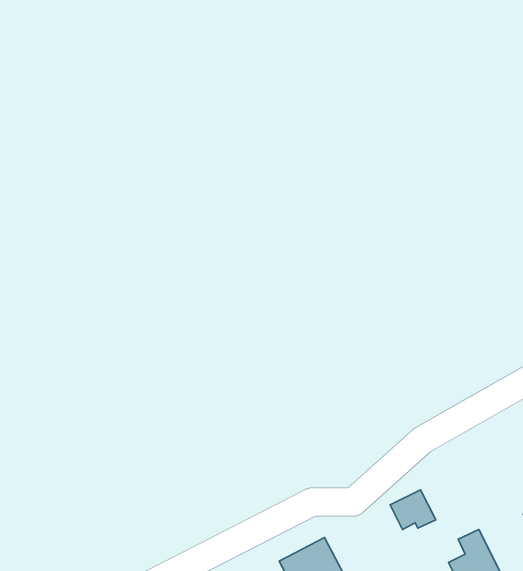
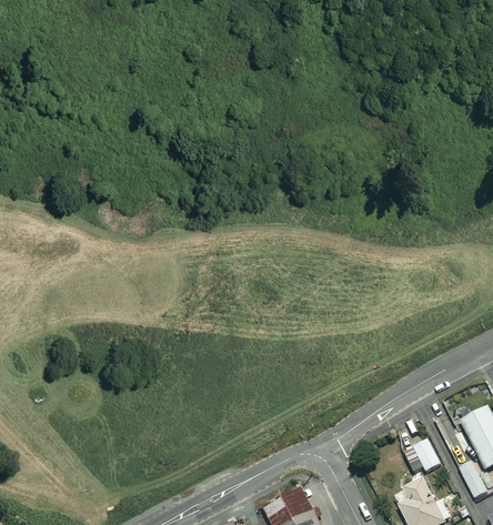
building: [390,490,436,530] -> [403,440,440,472]

